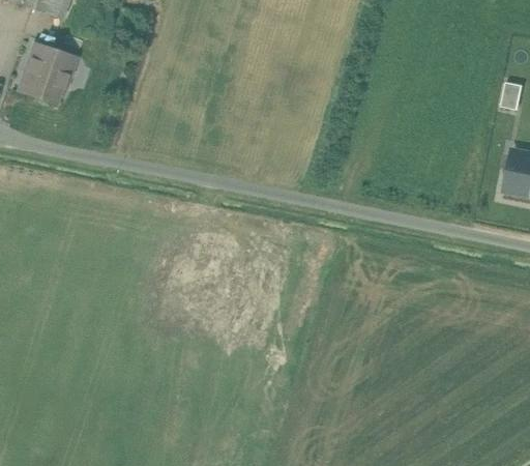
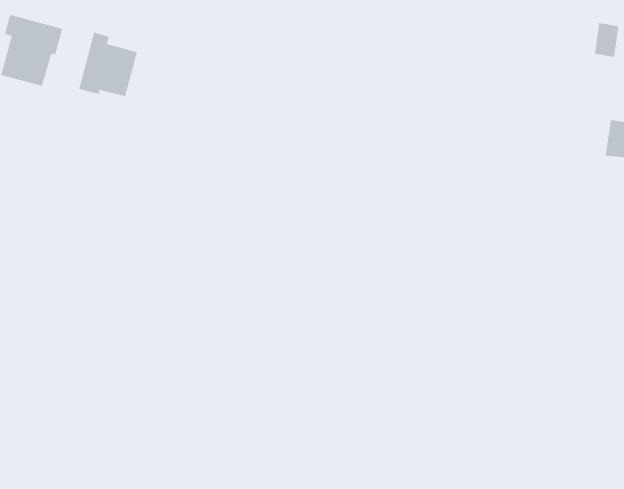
building: none -> [78,32,138,97]

